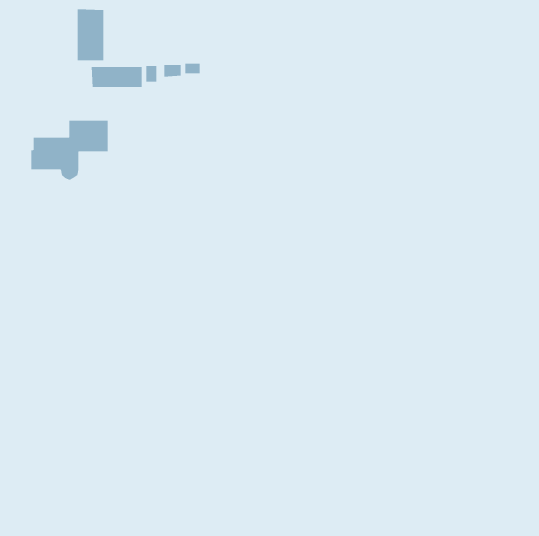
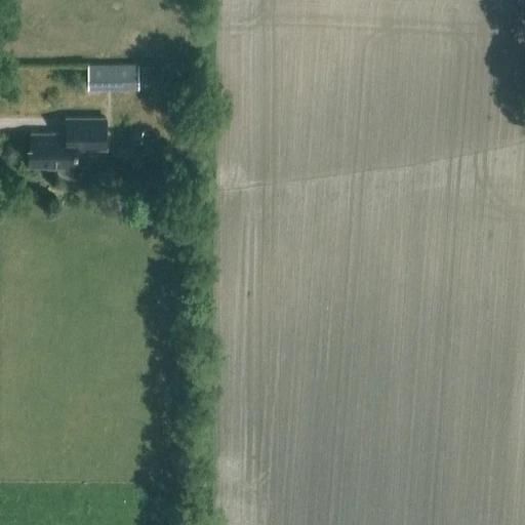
building: [77,9,104,61] -> none

